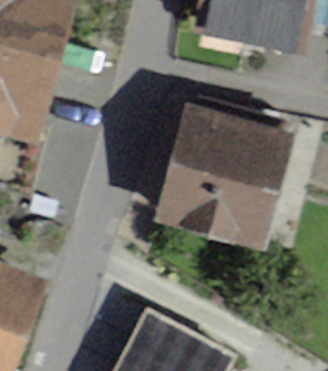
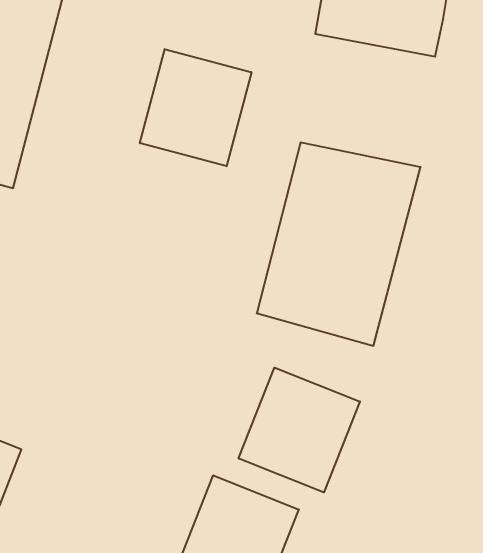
building: none -> [140,49,251,166]
building: none -> [239,368,360,492]

